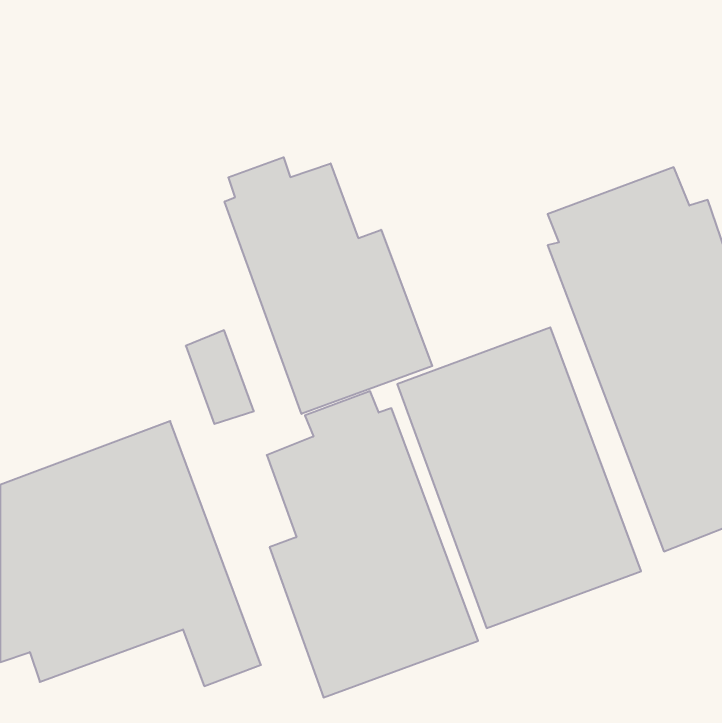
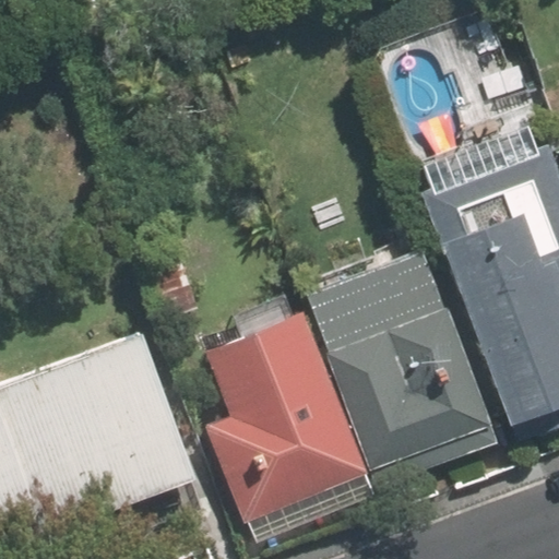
building: [225,157,432,414] -> none

